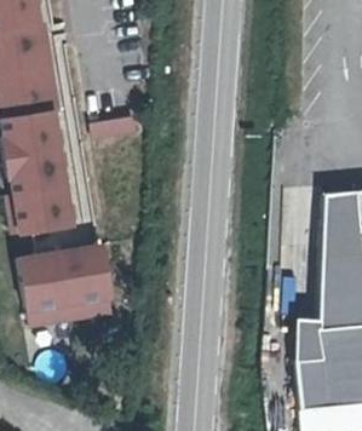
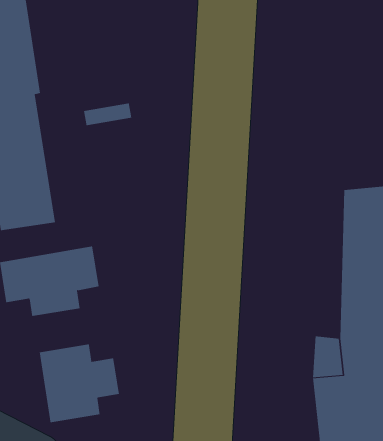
building: none -> [39,344,120,423]

